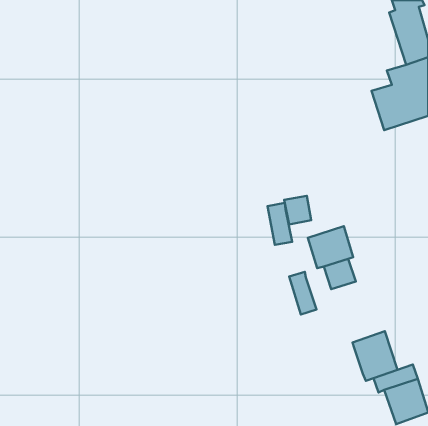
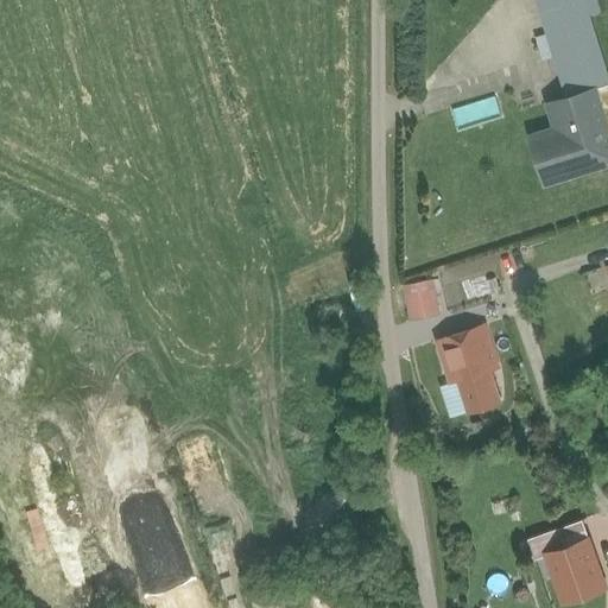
building: [268,203,292,245] -> none
building: [289,272,316,314] -> none
building: [352,331,398,381] -> none

